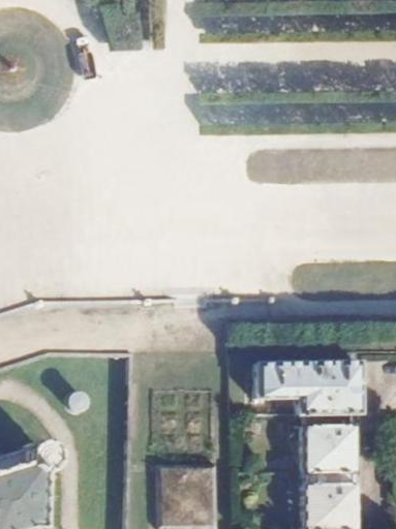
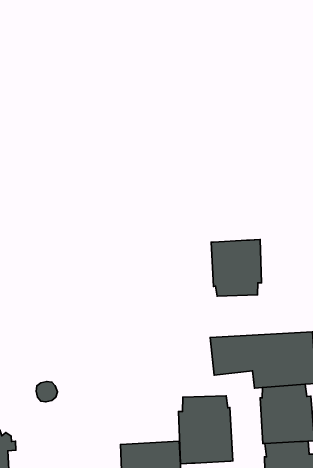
building: none -> [211,240,262,296]
building: none -> [179,396,233,464]

